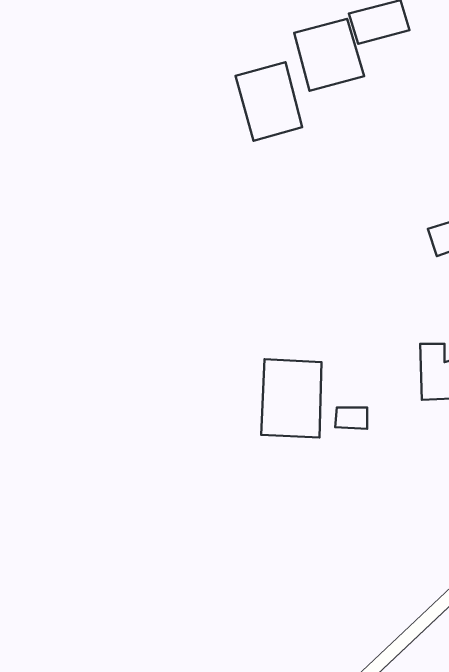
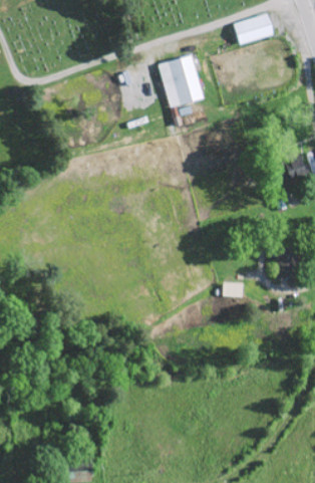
building: [294,19,364,91] -> none
building: [261,359,321,437] -> none

